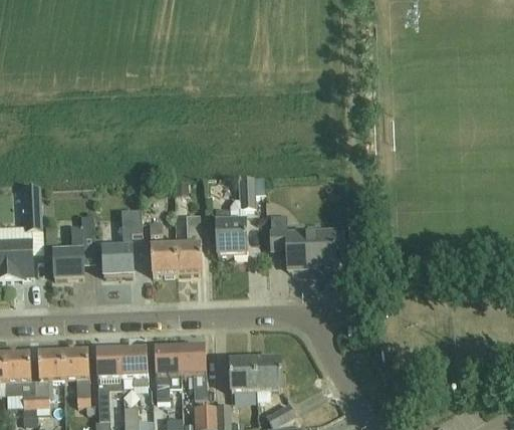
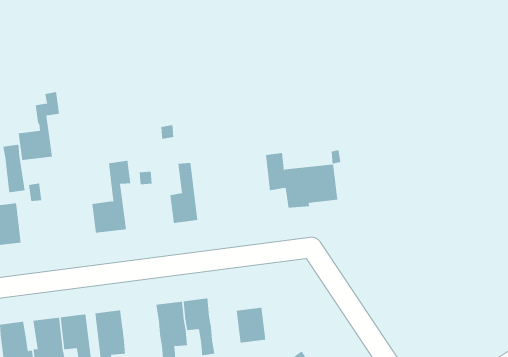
building: [216,175,265,253] -> none
building: [53,214,94,276] -> [18,92,60,161]
building: [151,244,178,272] -> none
building: [121,348,148,389] -> none
building: [255,357,282,389] -> none

